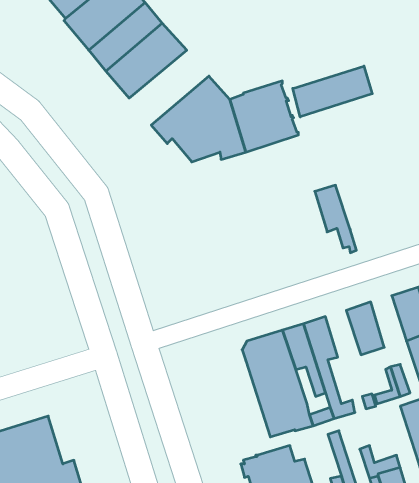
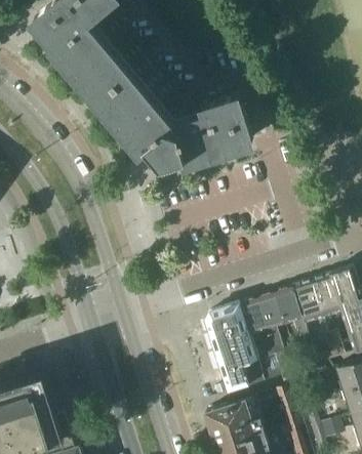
building: none -> [111,74,177,136]
building: [293,66,372,117] -> none
building: [315,185,356,253] -> [275,291,310,347]
building: none -> [313,279,343,322]

